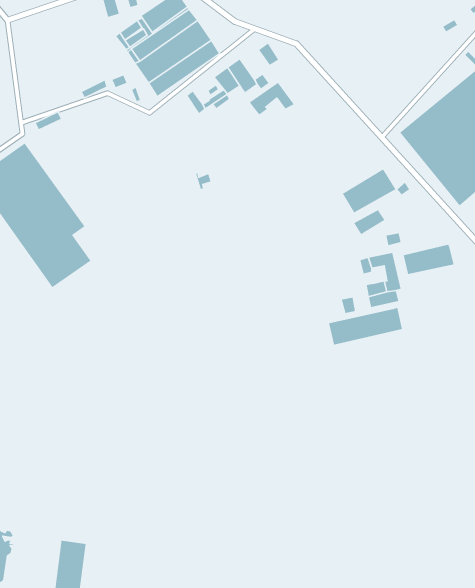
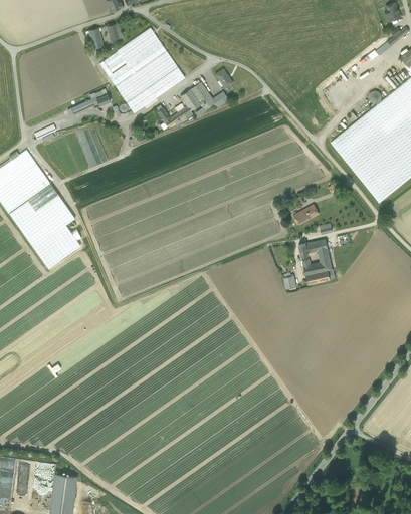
building: [249,82,295,115] -> none
building: [342,169,397,214] -> none
building: [403,244,454,275] -> none
building: [328,307,403,346] -> none

